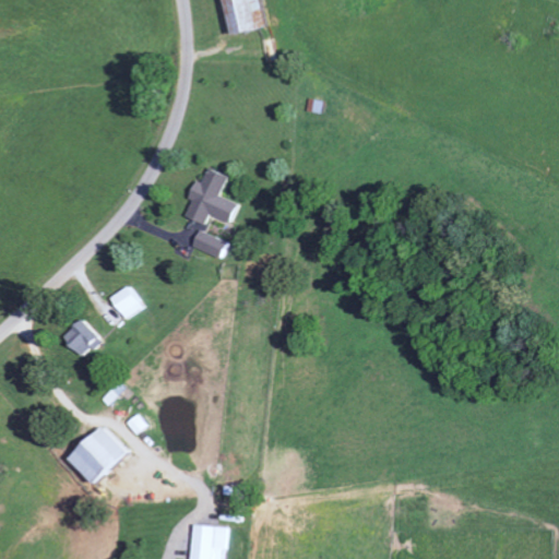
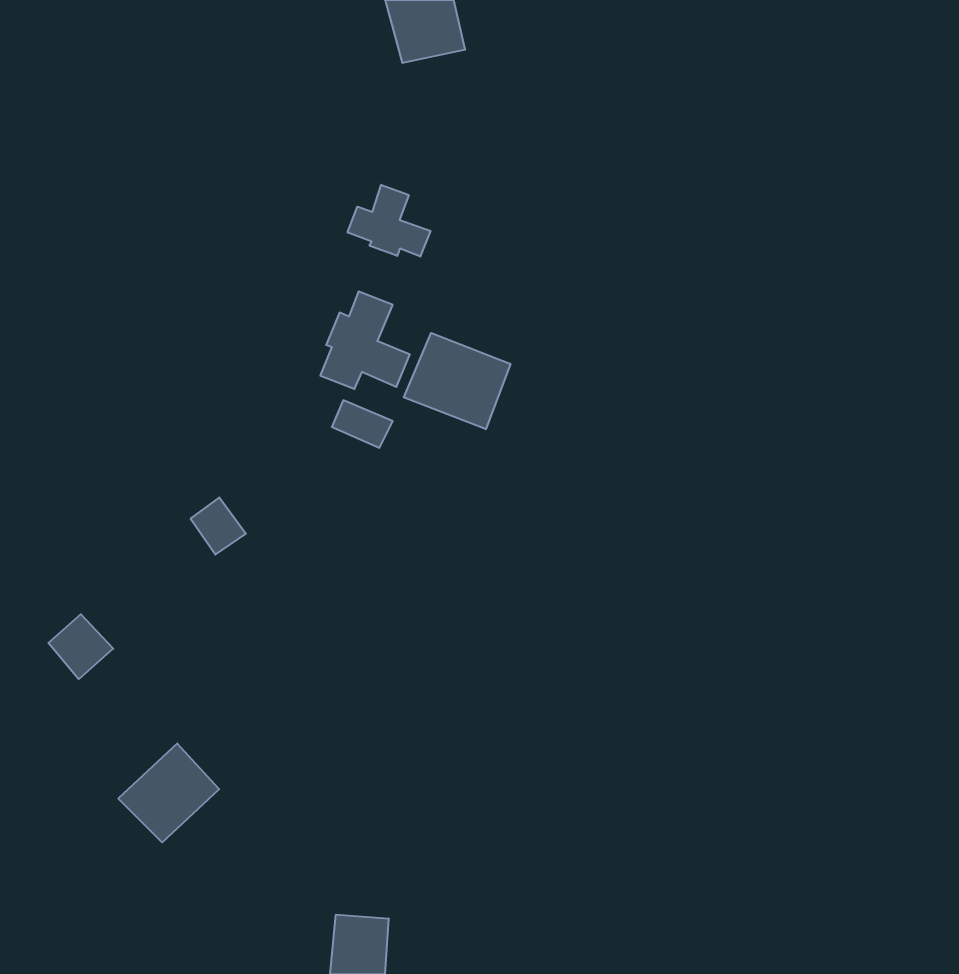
building: none -> [348,185,430,257]
building: none -> [404,333,510,429]
building: [62,319,99,356] -> [48,614,113,679]

